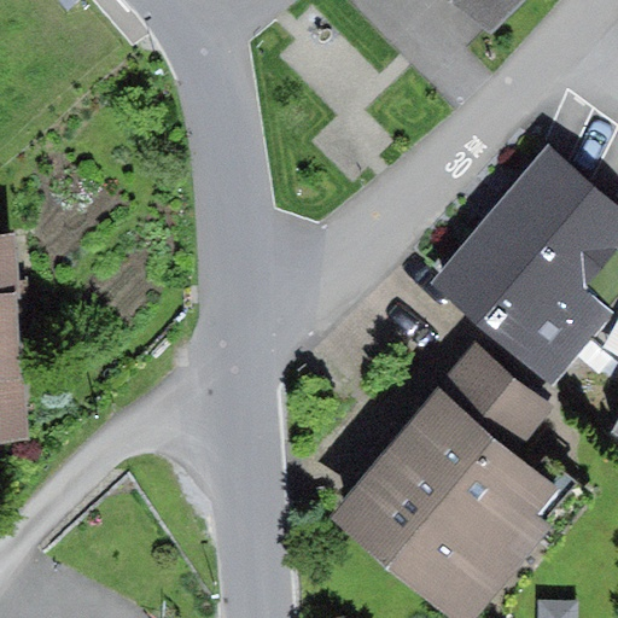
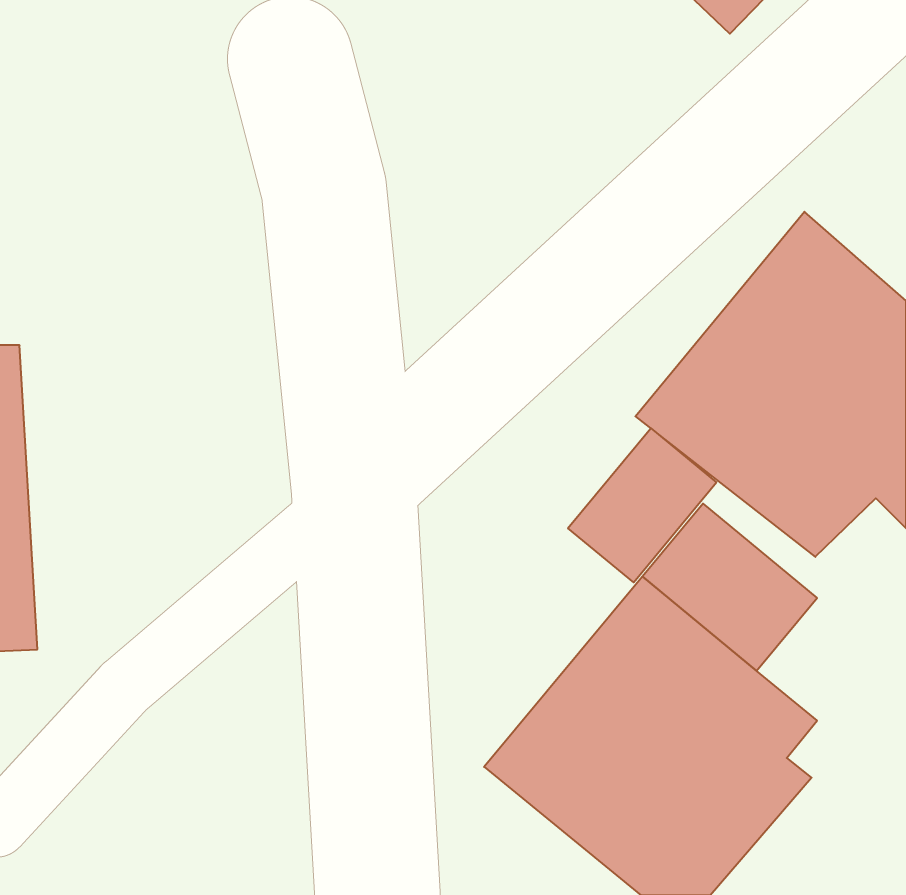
building: none -> [568,428,716,582]

